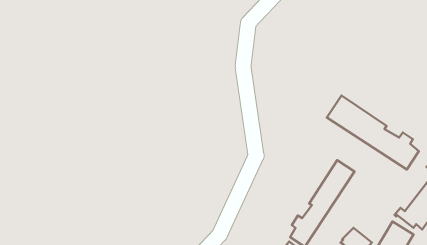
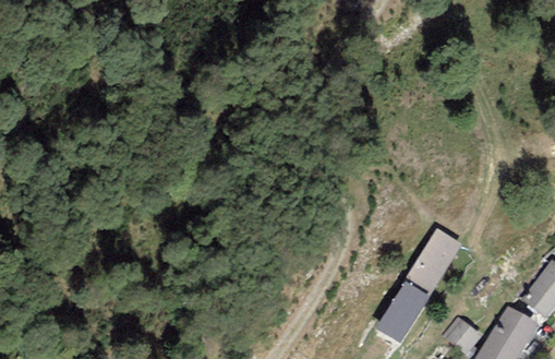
building: [327,95,419,170] -> none

